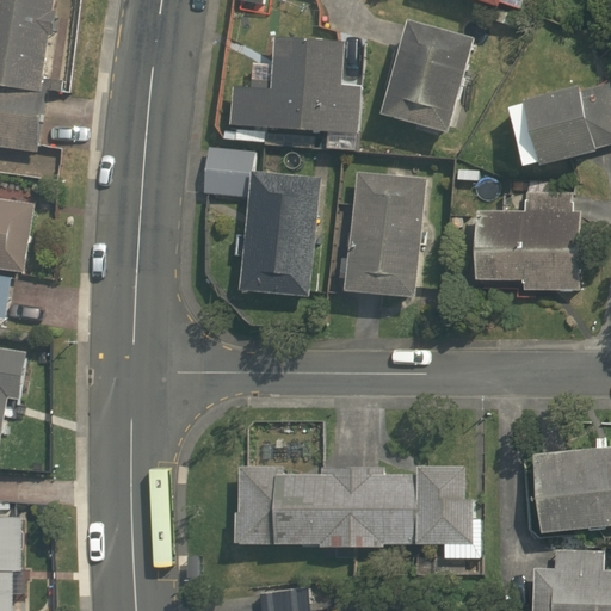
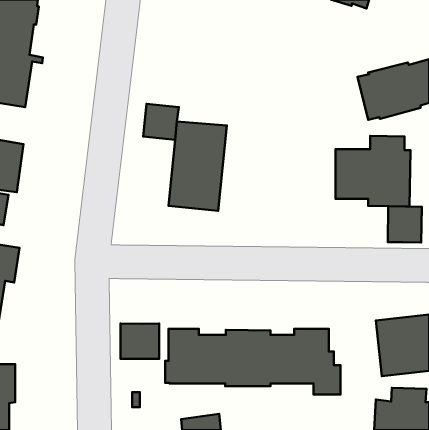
building: [379,20,475,136] -> none
building: [229,37,362,135] -> none
building: [339,172,426,300] -> none
building: none -> [388,206,422,243]
building: none -> [120,324,159,359]

